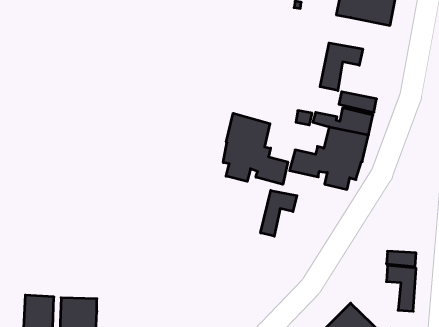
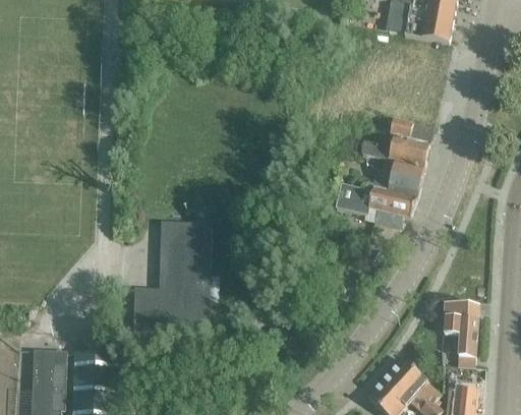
building: [320,43,363,91] -> none
building: [223,113,288,184] -> none
building: none -> [133,221,218,333]
building: [261,190,297,236] -> none

